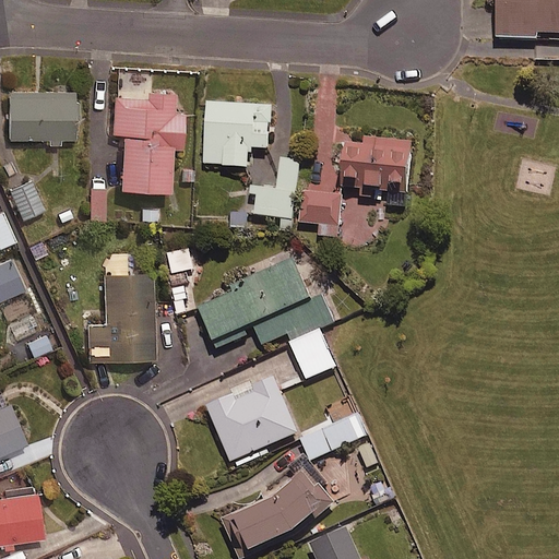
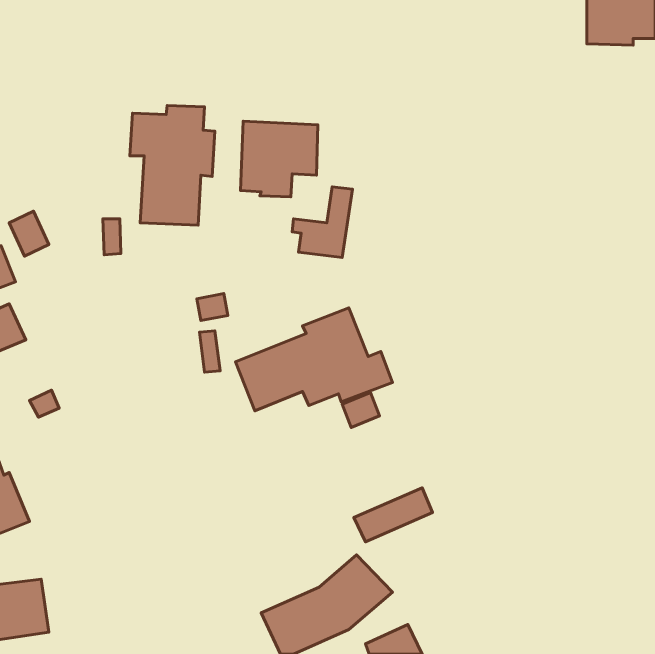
building: [8,90,73,136] -> none
building: [344,138,411,199] -> none
building: [299,192,341,236] -> none
building: [87,272,152,359] -> none
building: [207,379,297,462] -> none

